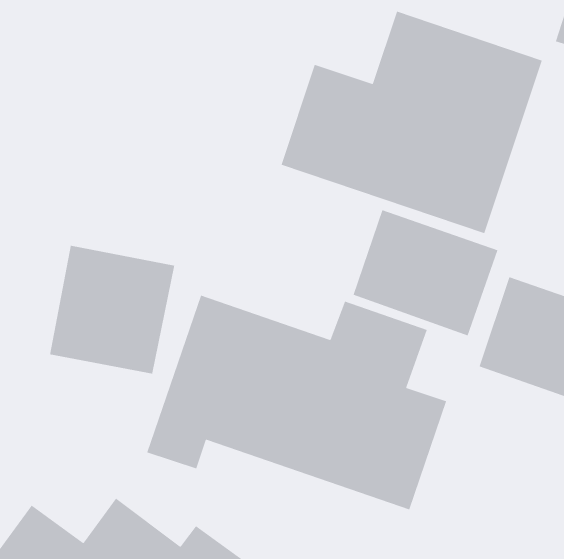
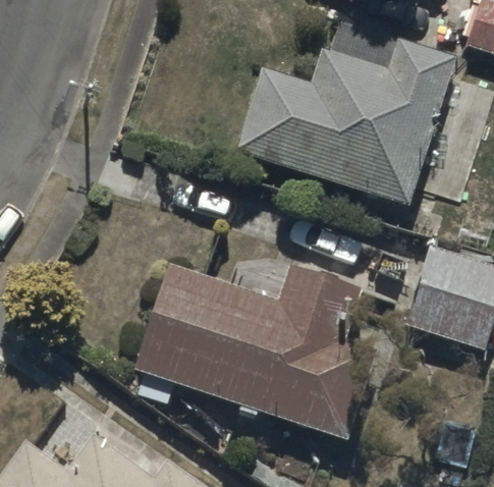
building: [352,209,499,336] -> none
building: [49,245,175,375] -> none

